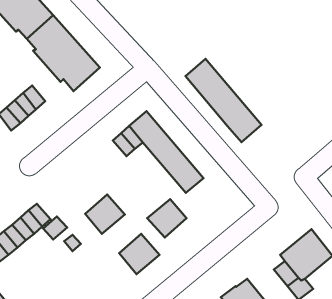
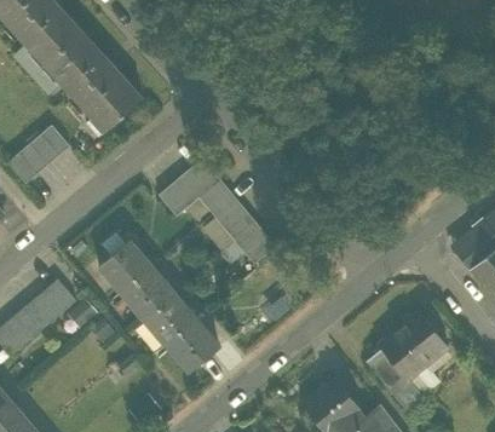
building: [185,59,262,142] -> none
building: none -> [98,238,151,293]
building: [147,199,187,237] -> [144,294,196,345]

